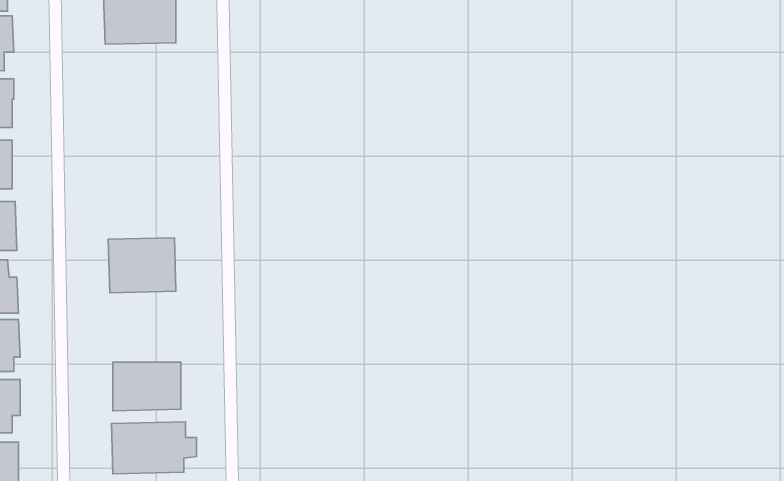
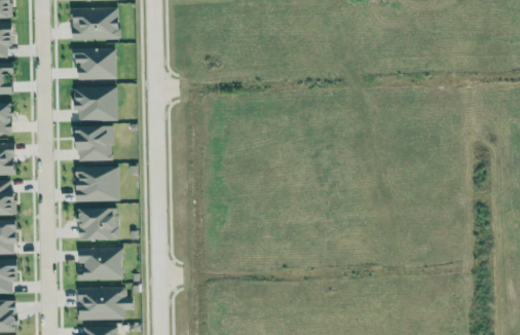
building: none -> [76,47,116,80]
building: none -> [74,86,117,121]
building: none -> [76,126,113,161]
building: none -> [78,209,118,239]

